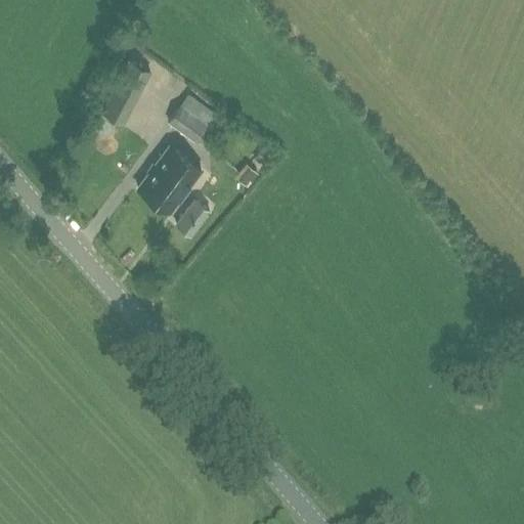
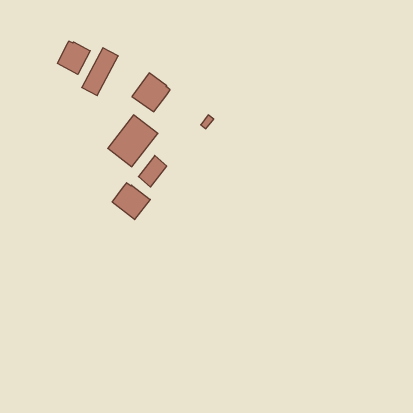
building: none -> [57,41,90,74]
building: none -> [112,183,150,220]

